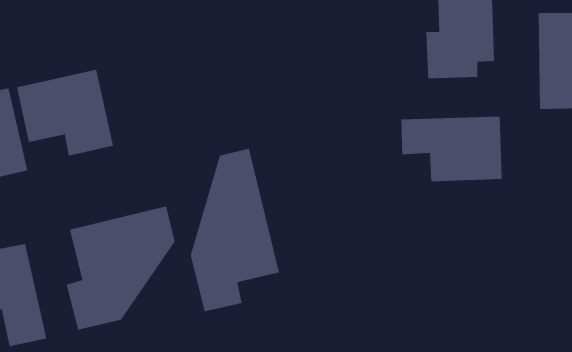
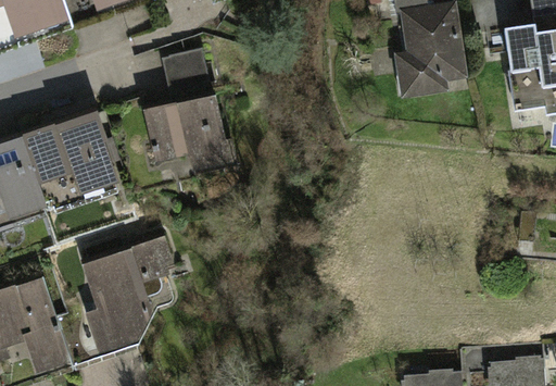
building: none -> [141,53,231,171]
building: [401,116,502,182] -> none
building: [190,148,280,312] -> none

